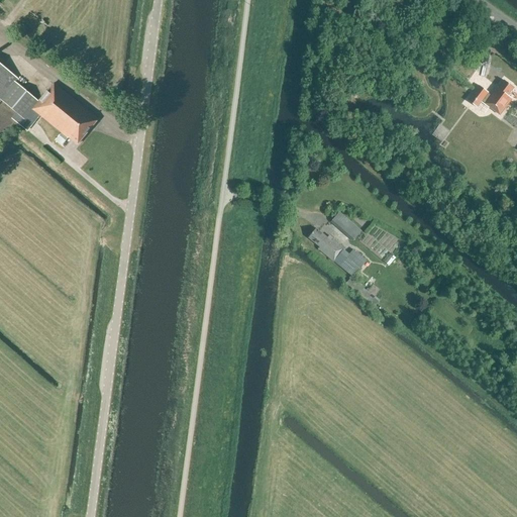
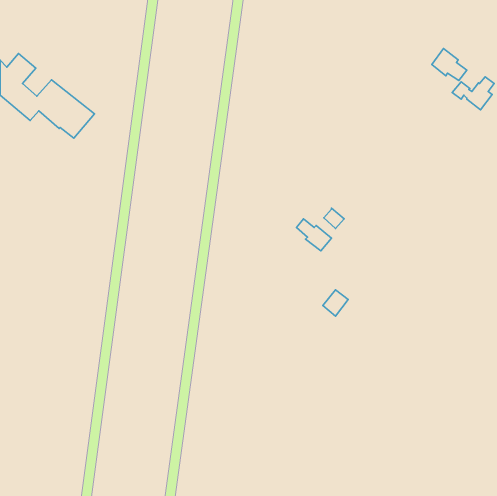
building: none -> [432,49,467,81]
building: [340,250,367,278] -> [323,290,348,316]

